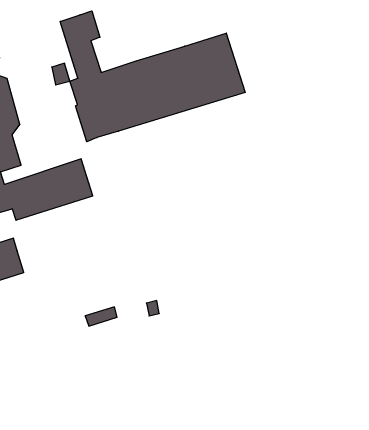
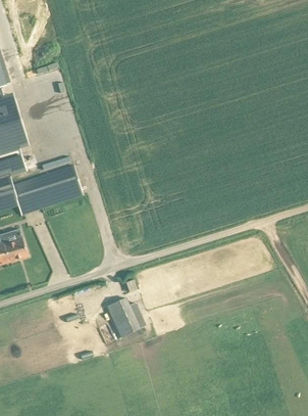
building: [60,11,245,142] -> none
building: none -> [106,297,139,336]

